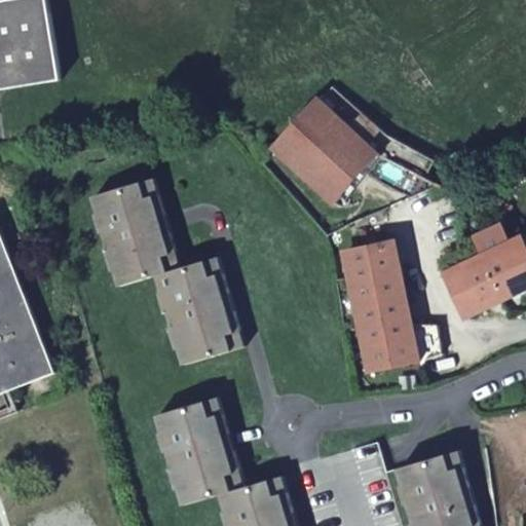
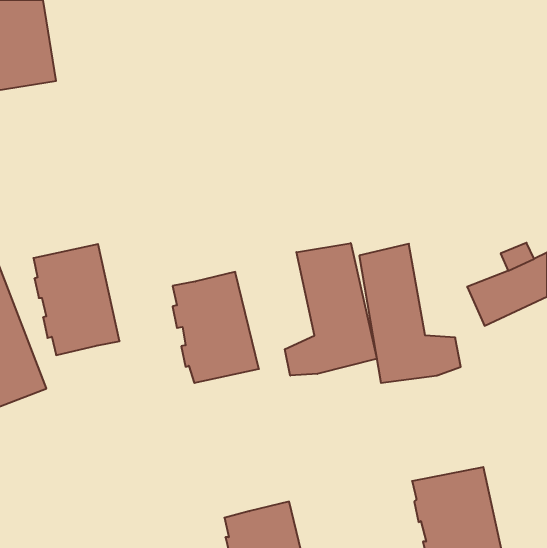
building: [266,98,376,201] -> none
building: [104,179,186,285] -> [33,244,120,355]
building: none -> [285,243,377,376]
building: [154,401,237,505] -> none

